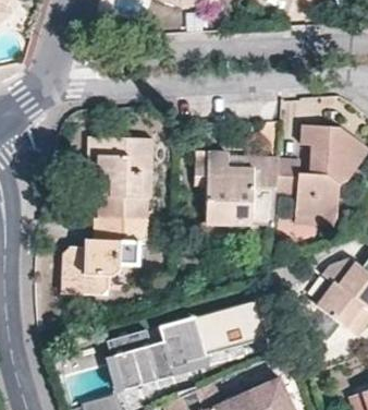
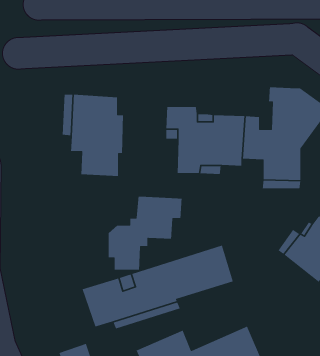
building: [71,219,149,298] -> [108,196,182,271]

